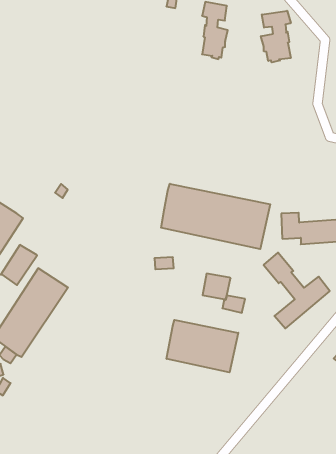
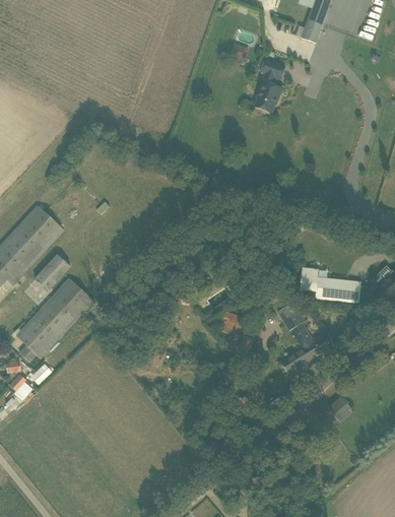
building: [261,11,291,62] -> none
building: [161,184,270,249] -> none
building: [167,320,238,372] -> none

